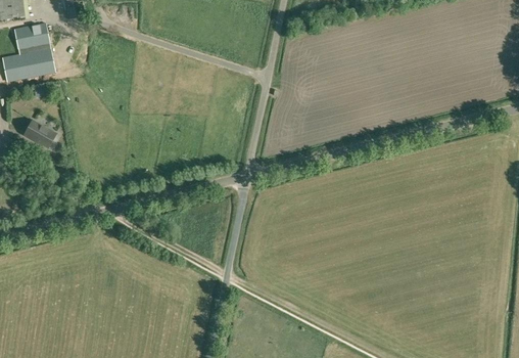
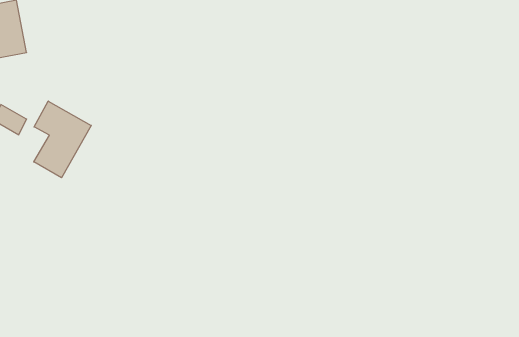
building: none -> [34,101,91,178]

